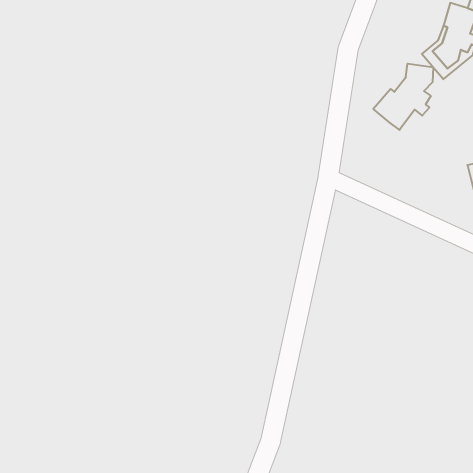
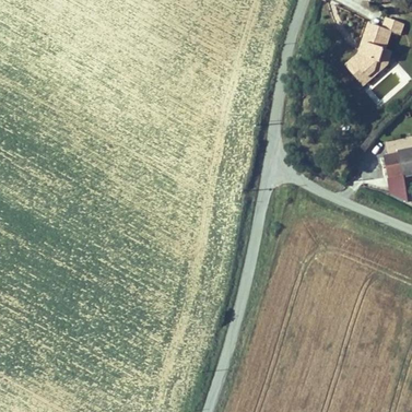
building: [373,64,433,130] -> none

